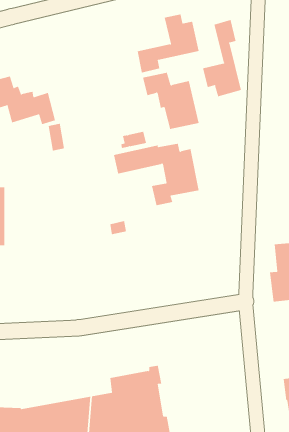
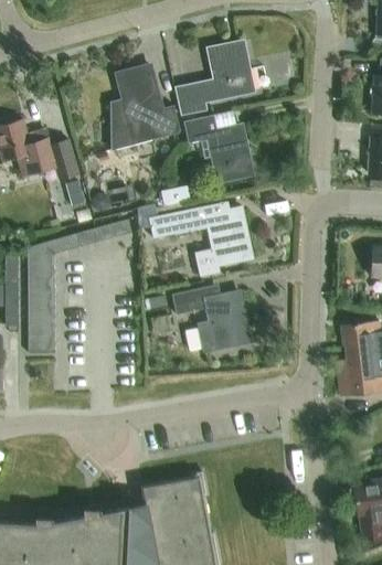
building: [202,19,241,97] -> none
building: none -> [114,66,181,150]
building: none -> [29,220,132,354]
building: none -> [173,286,251,351]

